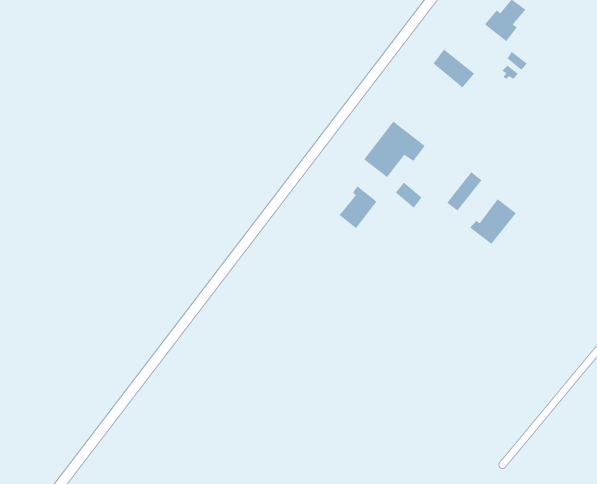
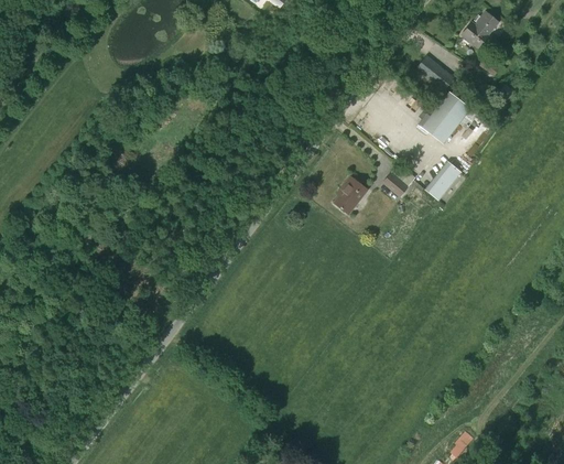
building: [363,121,426,178] -> [422,91,477,142]
building: [469,198,517,245] -> none

